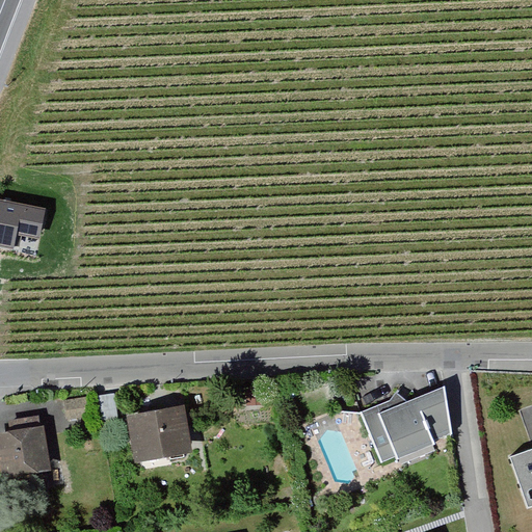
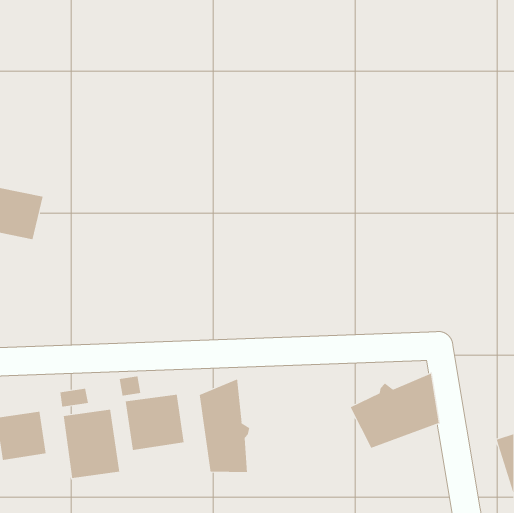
building: none -> [199,379,250,473]
building: none -> [63,409,120,479]

